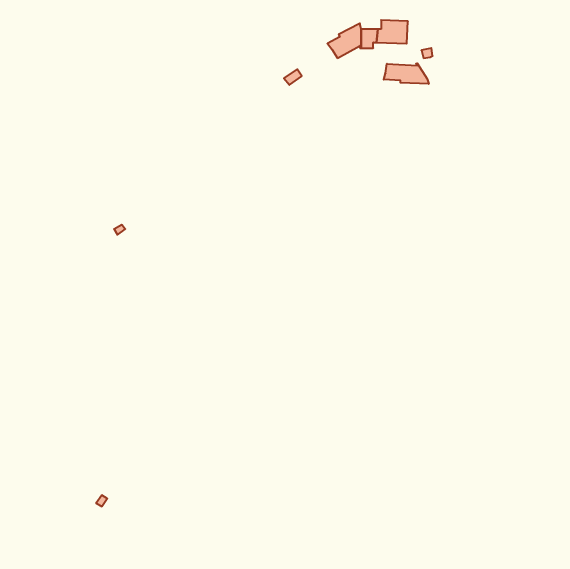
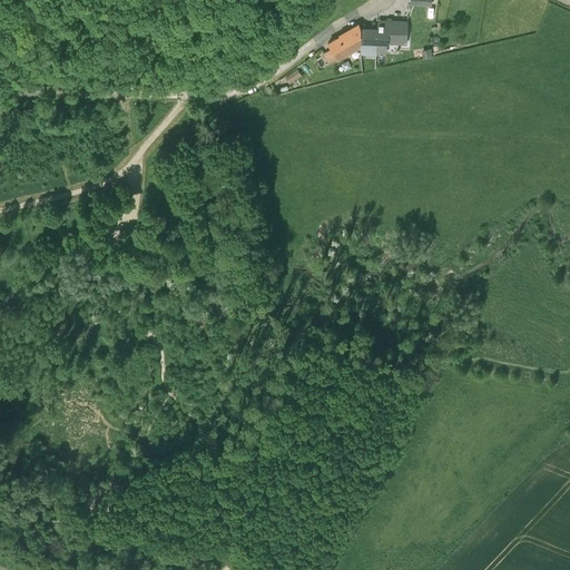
building: [384,63,429,84] -> none

